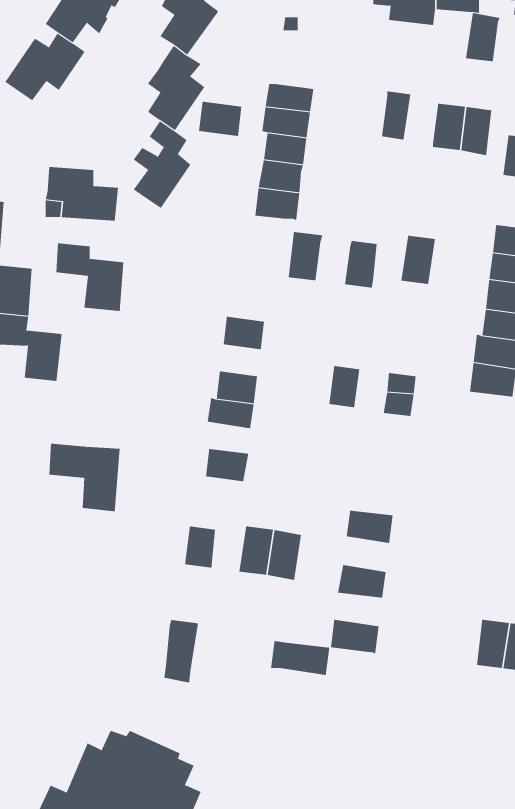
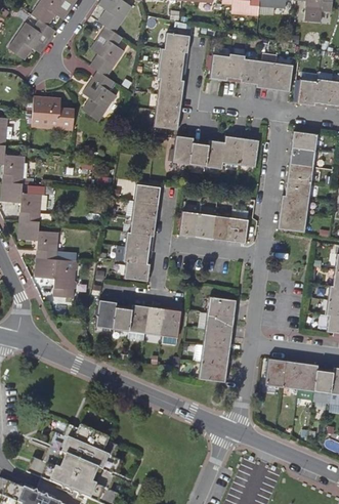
building: [465,13,500,62] -> [241,55,261,84]
building: none -> [211,54,230,80]
building: [198,101,242,136] -> [165,32,190,52]
building: none -> [223,135,243,164]
building: none -> [189,141,209,166]
building: [55,243,124,311] -> [18,220,58,260]
building: none -> [125,200,158,219]
building: none -> [180,211,200,236]
building: none -> [212,215,231,241]
building: none -> [124,246,152,264]
building: none -> [96,300,117,329]
building: none -> [205,312,232,333]
building: none -> [266,359,286,387]
building: [163,620,199,683] -> [128,304,149,341]
building: [270,640,330,676] -> [194,344,228,365]

